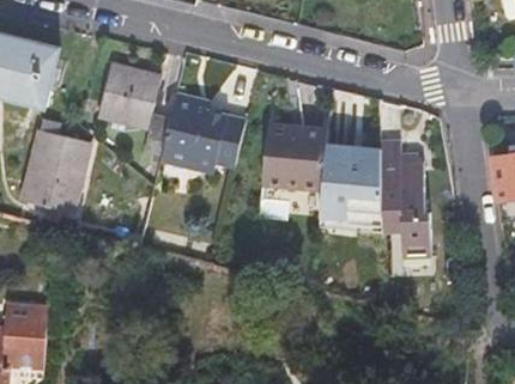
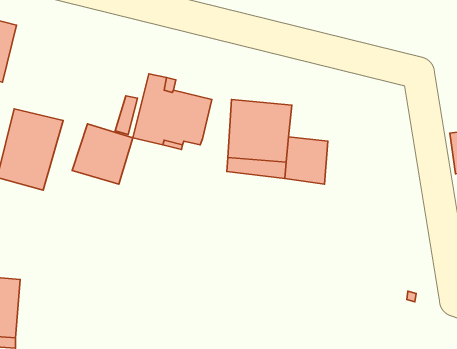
building: [101,66,163,128] -> [72,124,133,184]
building: [381,140,430,256] -> none

